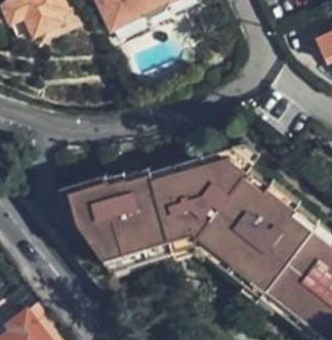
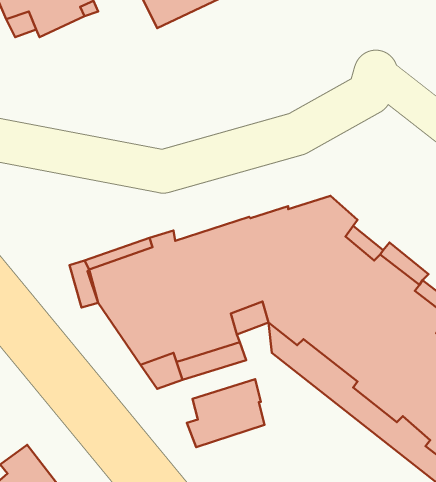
building: none -> [187,379,265,447]

